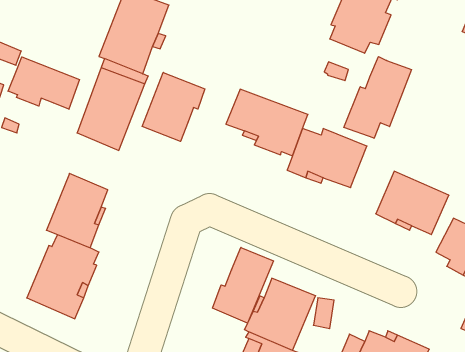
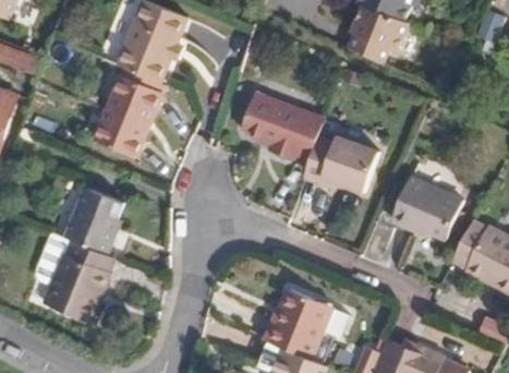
building: [344,57,412,138] -> none
building: [8,57,79,109] -> none
building: [142,72,205,141] -> none
building: [212,247,274,323] -> none

